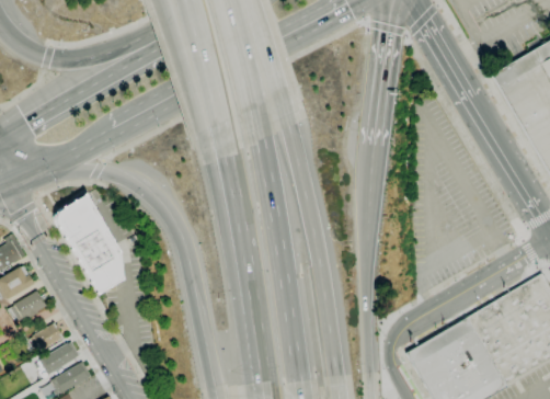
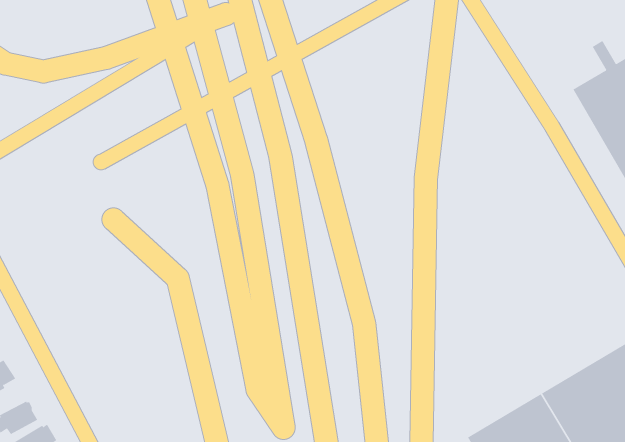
building: [51,194,123,295] -> none

